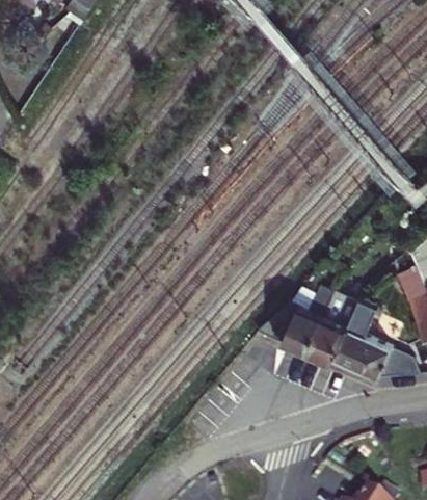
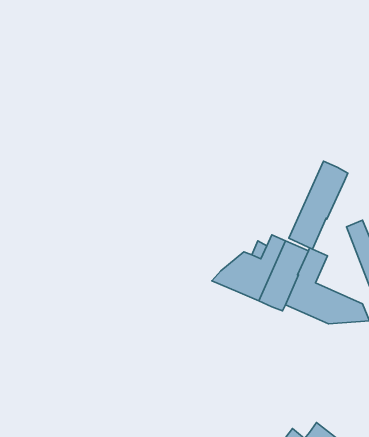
building: none -> [289,161,348,249]

